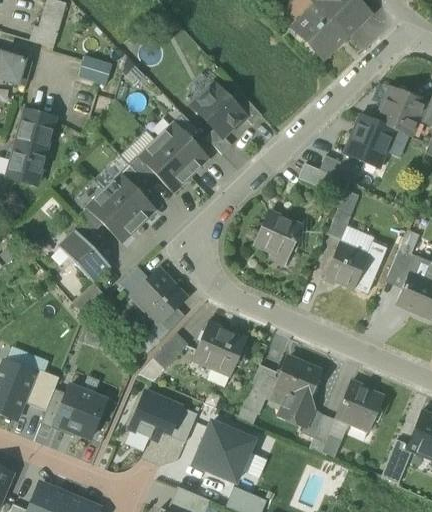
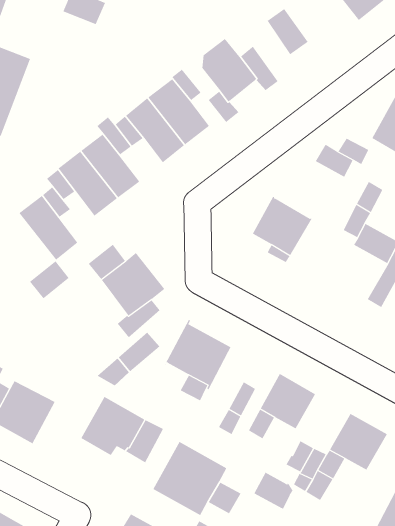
building: none -> [267,8,309,55]
building: [324,244,368,288] -> none
building: [280,394,313,424] -> [253,472,294,510]

